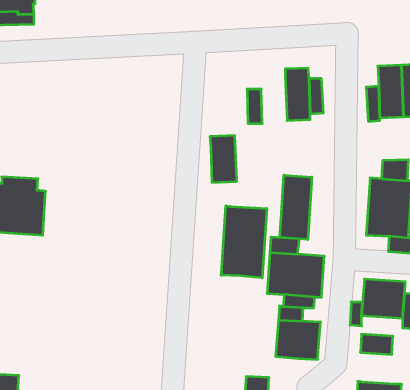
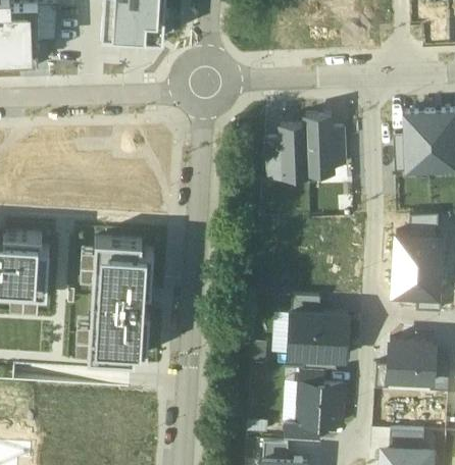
building: [210,136,237,182] -> [280,125,308,175]
building: [280,175,312,240] -> none
building: none -> [88,239,154,362]
building: [221,206,267,278] -> none
building: [360,334,393,354] -> [389,432,423,454]
building: none -> [284,424,320,445]

